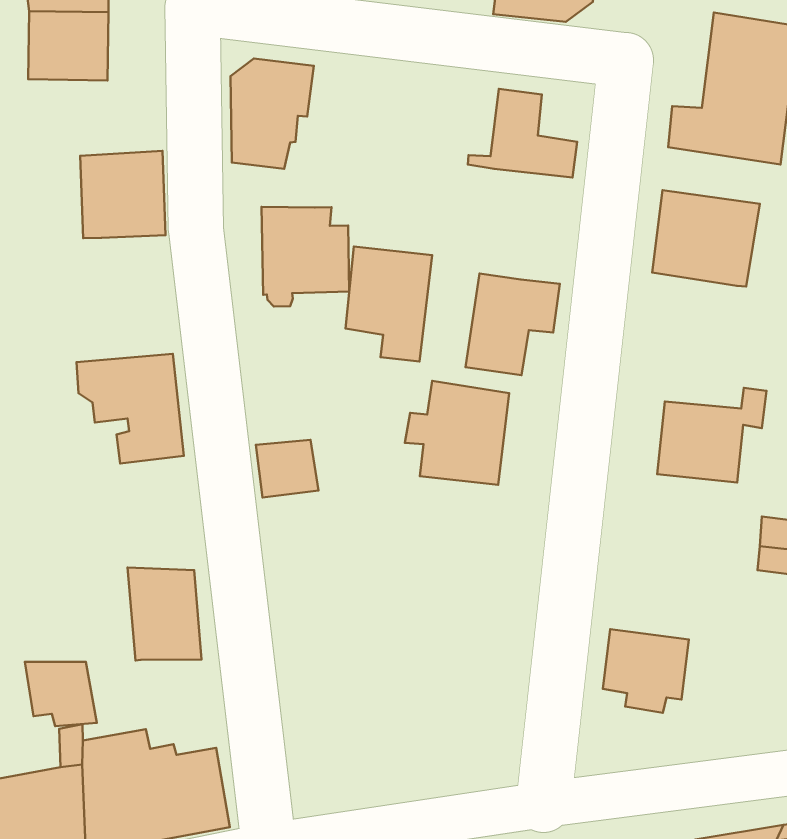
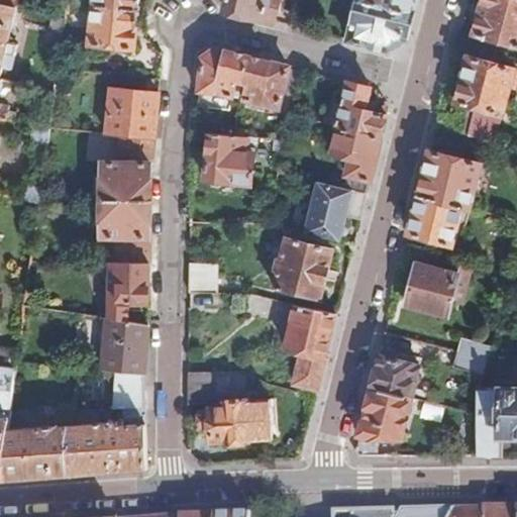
building: none -> [237,58,296,109]
building: none -> [94,137,151,206]
building: [345,246,432,362] -> [326,126,379,194]
building: none -> [407,194,461,245]
building: none -> [106,263,146,306]
building: none -> [287,304,334,391]
building: none -> [369,351,420,398]
building: none -> [187,373,270,444]
building: [25,662,97,726] -> [109,372,144,410]

